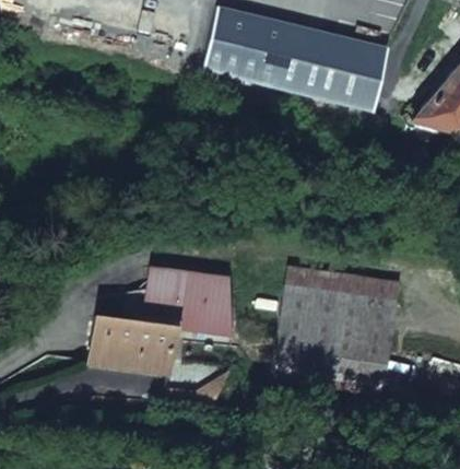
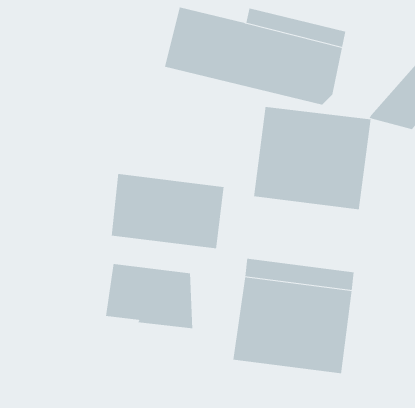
building: none -> [254,106,371,210]
building: none -> [111,173,224,249]
building: [90,319,176,375] -> none

